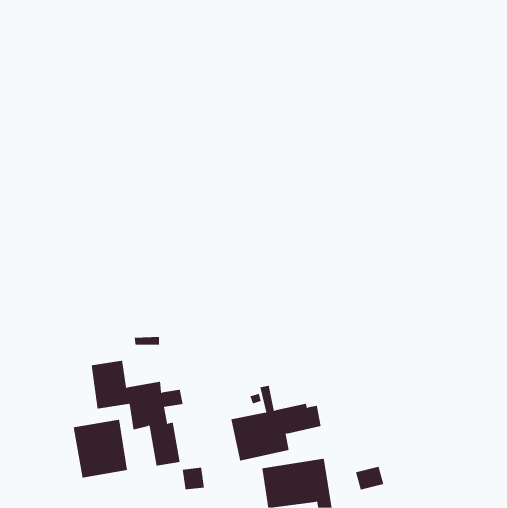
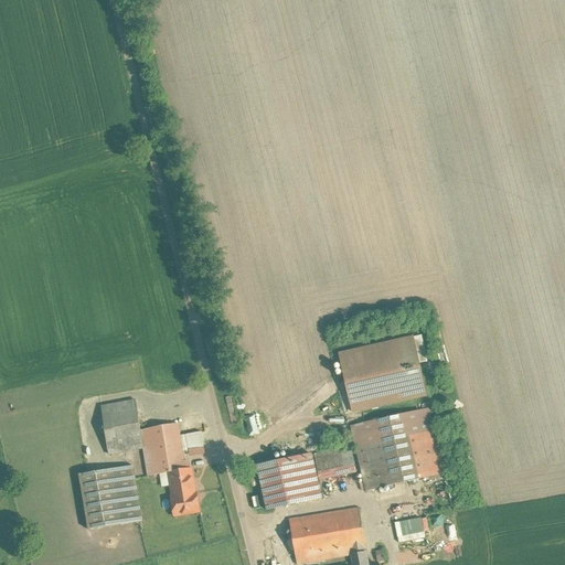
building: none -> [338,334,426,413]
building: none -> [350,406,444,489]
building: [182,467,204,490] -> none

